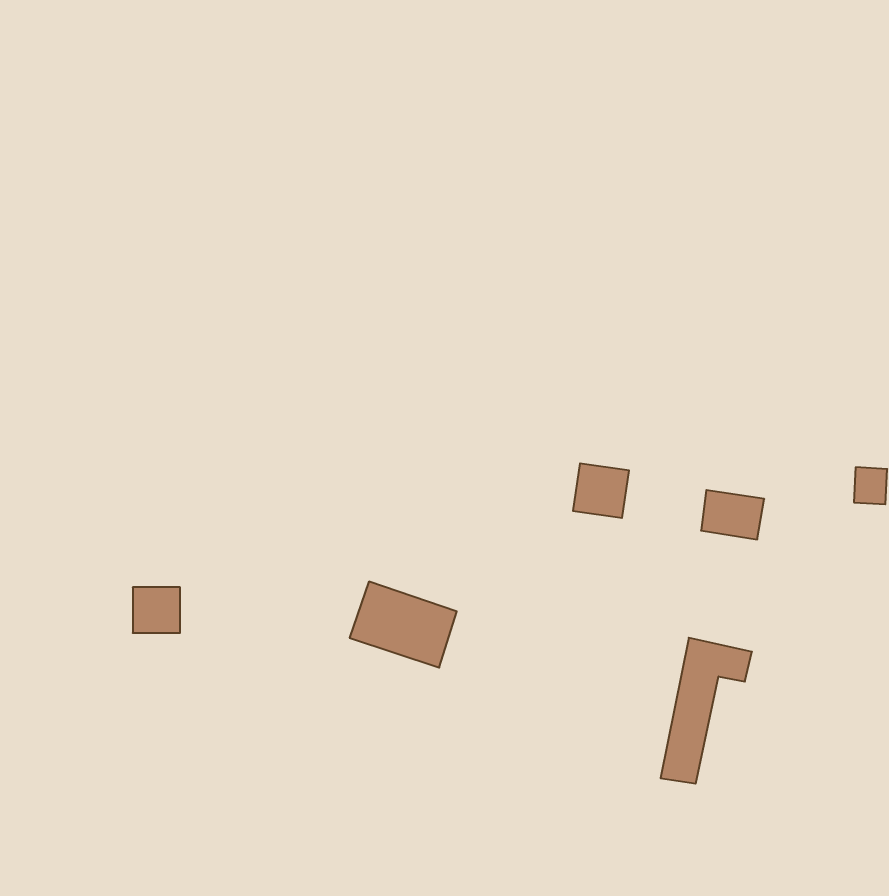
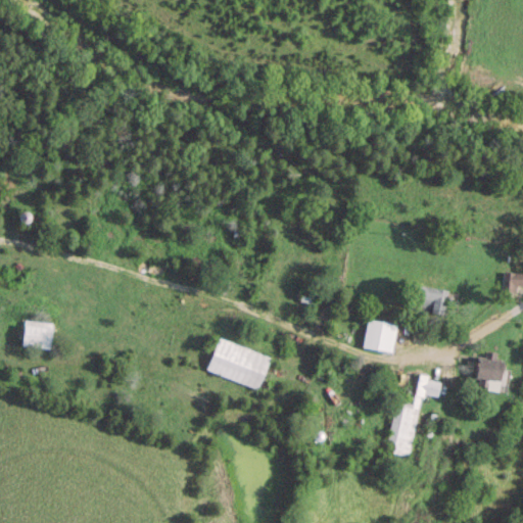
building: [573,463,629,518] -> [364,321,396,352]
building: [133,587,180,633] -> [29,320,56,346]
building: none -> [474,359,501,382]

